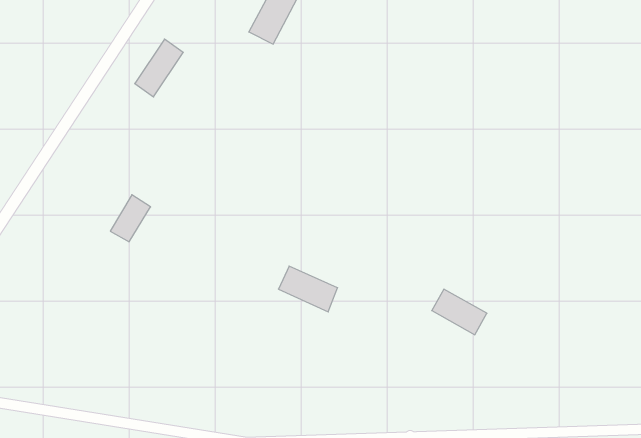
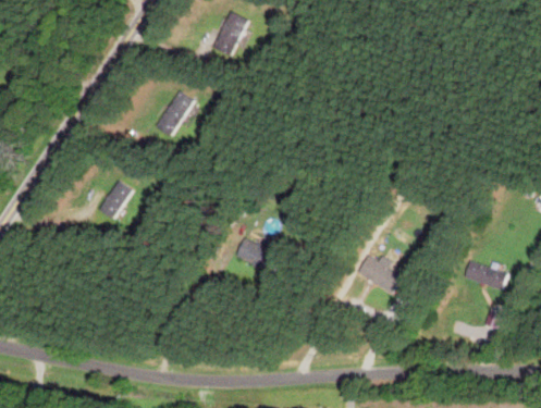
building: [135,39,183,97] -> [156,89,195,136]
building: none -> [463,260,507,289]

